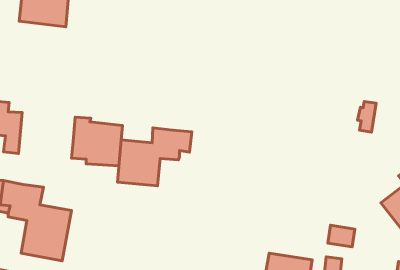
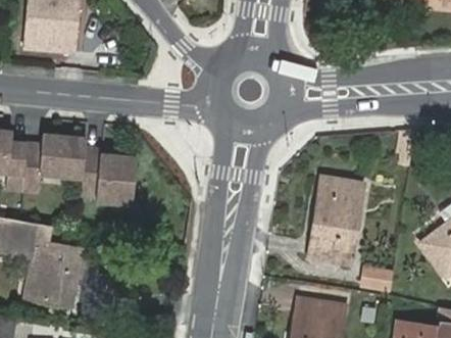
building: none -> [22,135,86,190]
building: [117,128,192,186] -> none
building: none -> [309,176,363,264]

